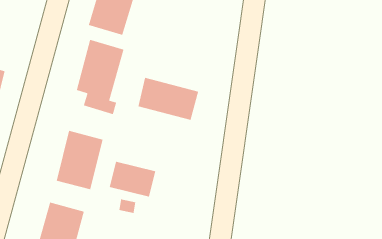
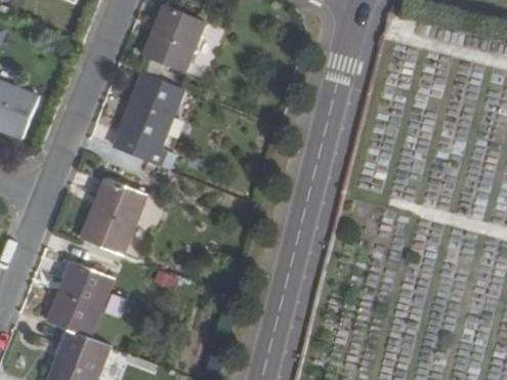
building: [137,77,199,121] -> none
building: [109,161,156,197] -> none

